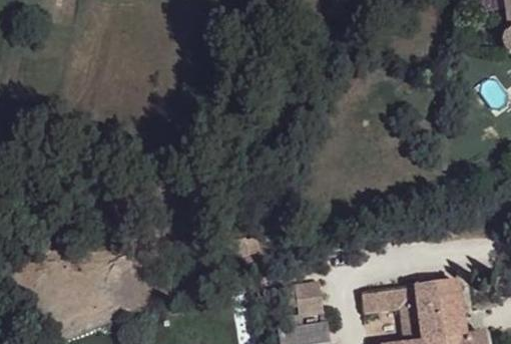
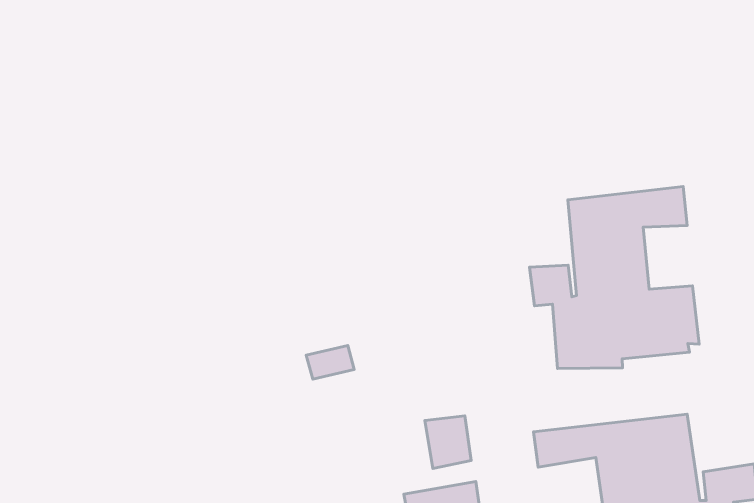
building: none -> [529,187,699,368]

